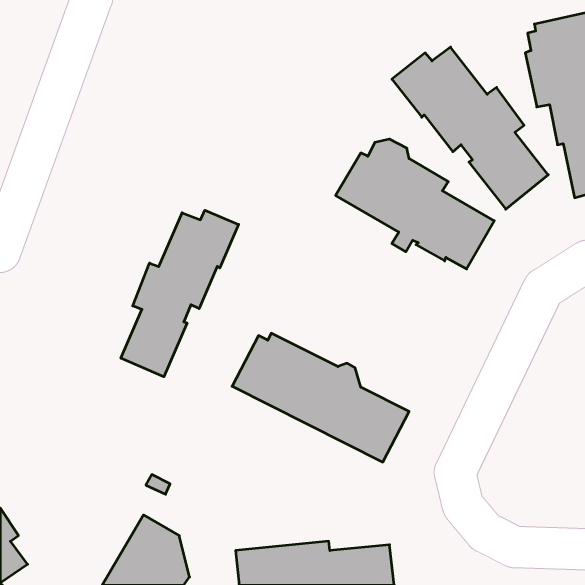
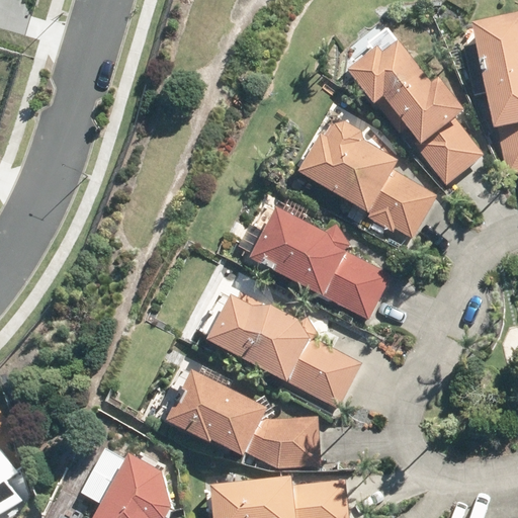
building: [121,210,239,377] -> none
building: none -> [238,208,392,319]
building: none -> [166,370,321,466]

